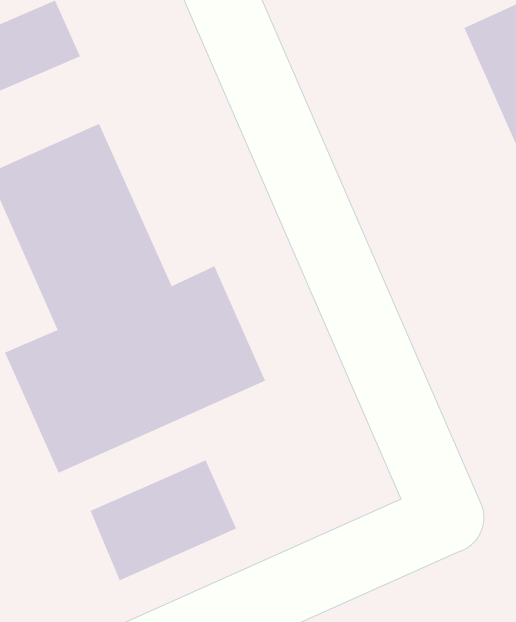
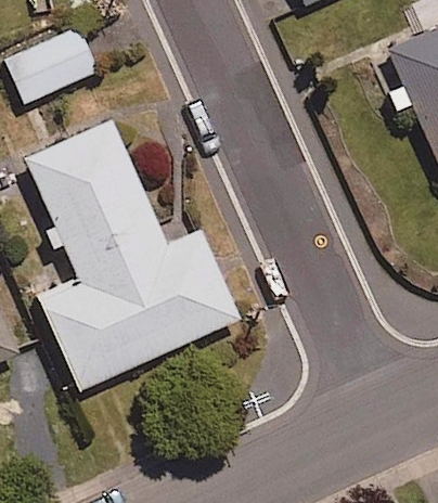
building: [90,460,237,581] -> none

